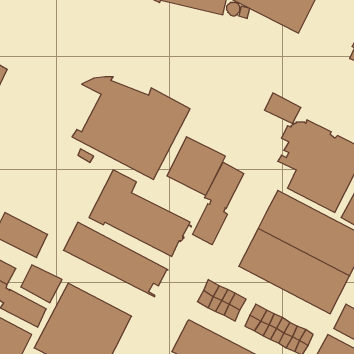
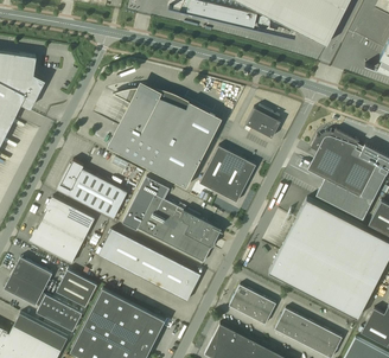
building: [264,93,301,124] -> [245,108,281,138]
building: none -> [57,160,128,219]
building: [193,162,244,245] -> none
building: none -> [42,197,95,241]

